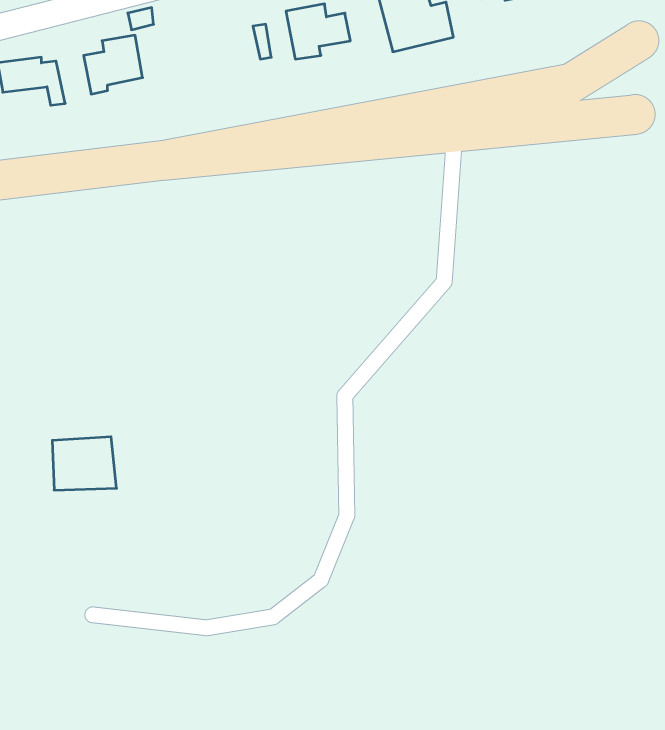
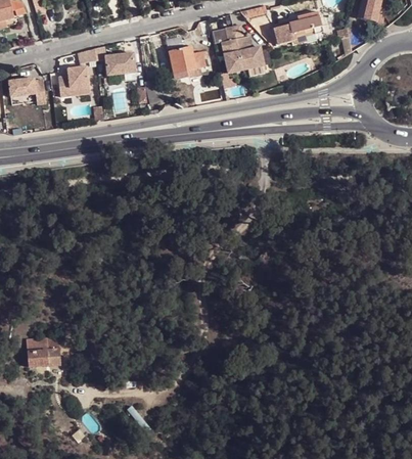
building: none -> [105,50,135,74]
building: [52,437,117,490] -> [26,336,61,366]

